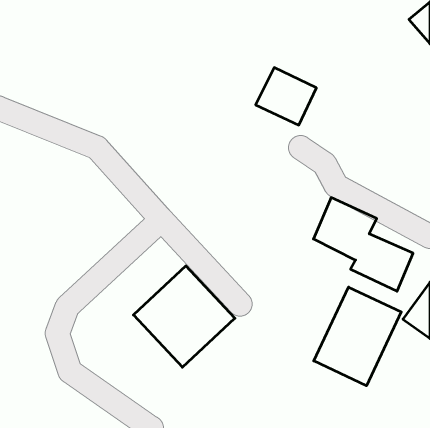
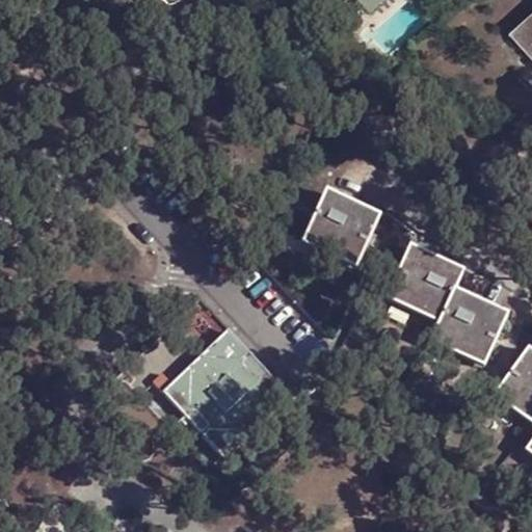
building: [256,68,316,125] -> [304,188,379,259]
building: [314,287,401,386] -> none

